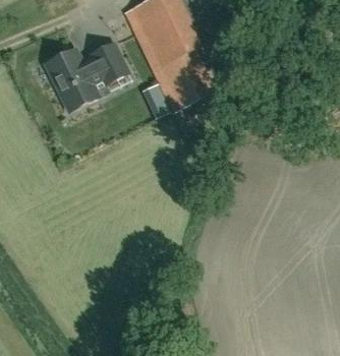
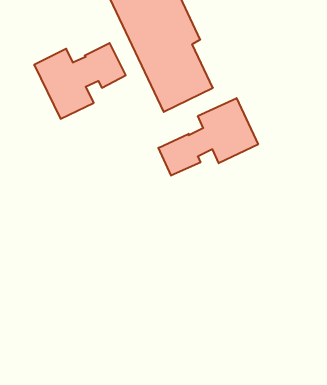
building: none -> [158,98,258,176]

